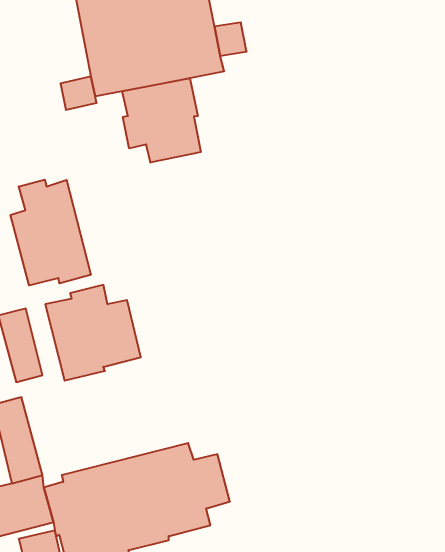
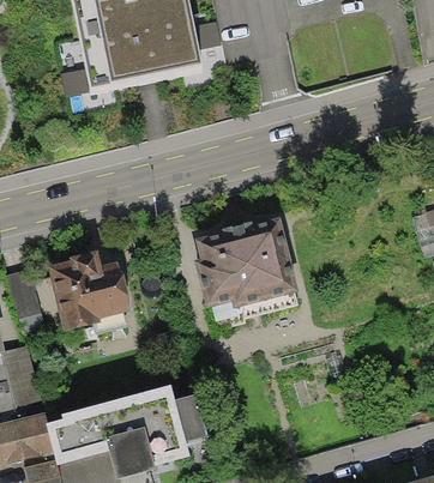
building: [122,78,201,163] -> none
building: [11,180,91,285] -> none
building: none -> [193,217,299,308]

